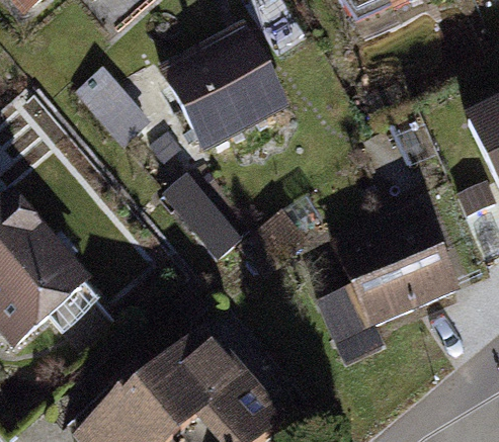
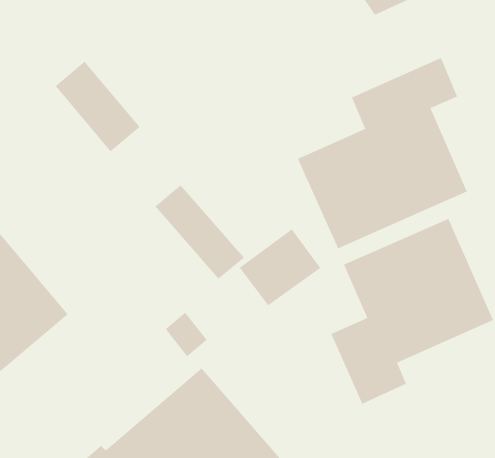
building: [158,19,290,151] -> none
building: none -> [297,57,468,249]

